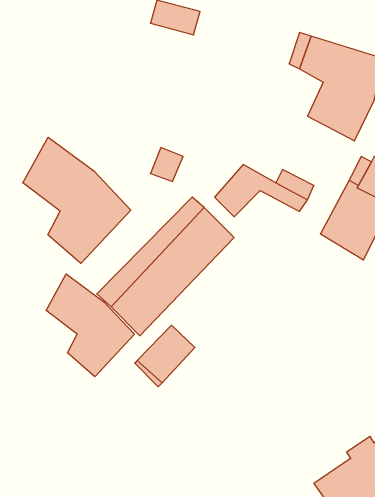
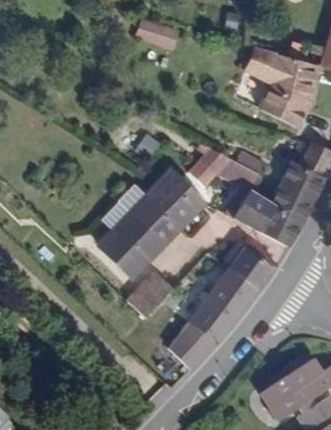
building: [23,137,131,263] -> none
building: none -> [227,185,302,248]
building: [46,274,134,377] -> none
building: none -> [180,247,272,362]

